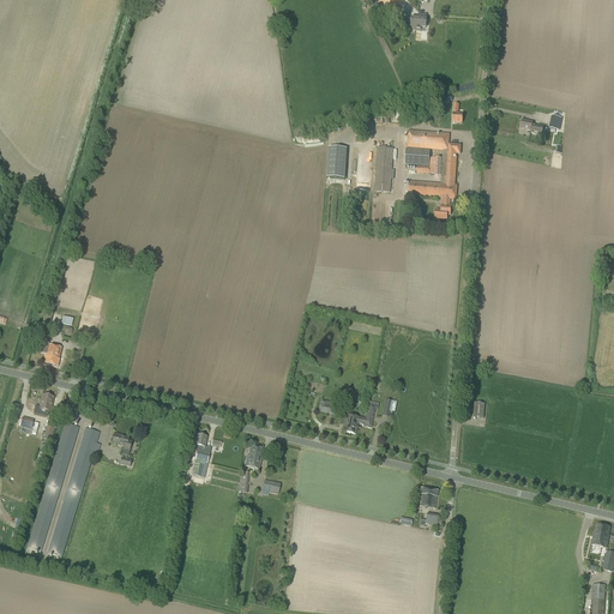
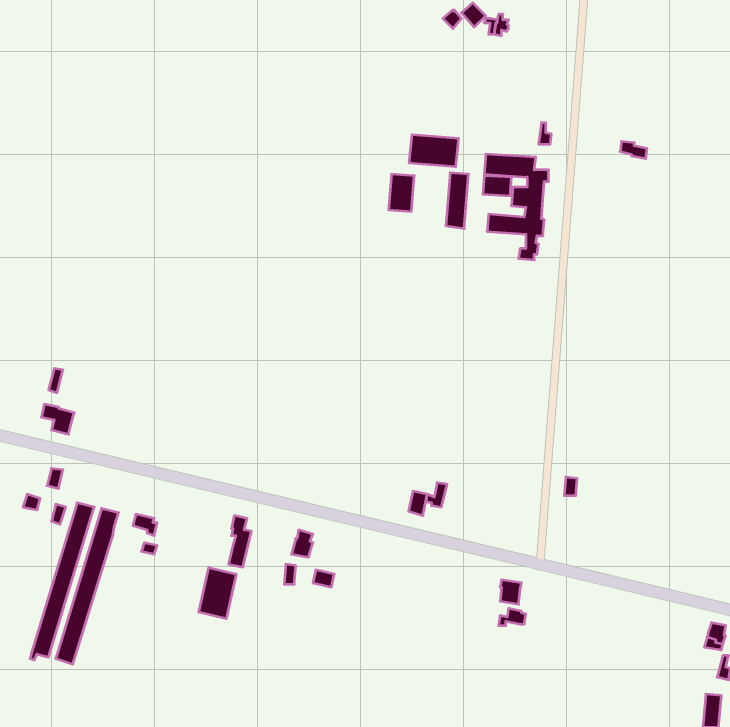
building: none -> [409,135,458,167]
building: none -> [199,567,236,619]

